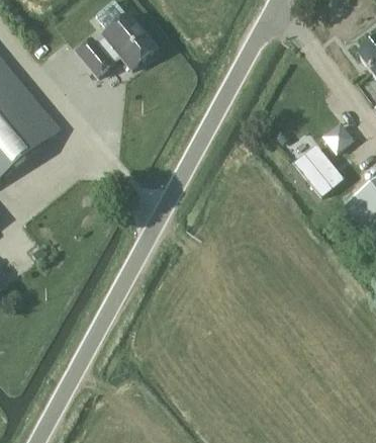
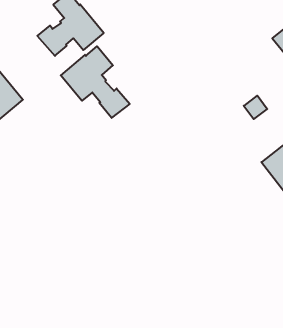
building: none -> [61,46,130,118]
building: [295,143,343,192] -> none

